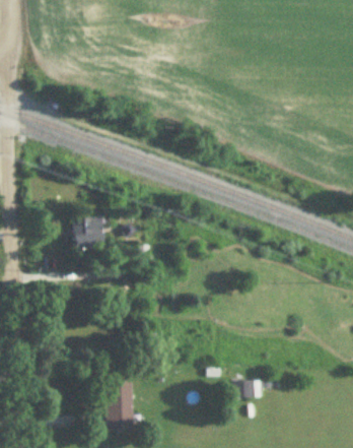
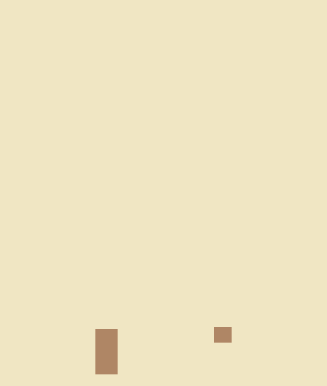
building: [73,216,103,248] -> none

